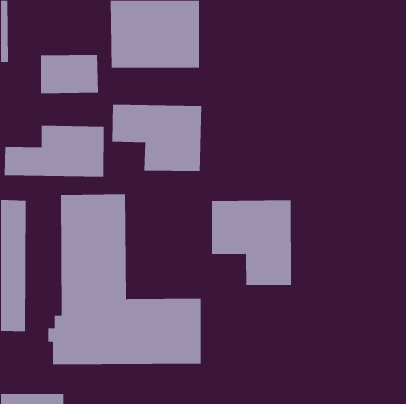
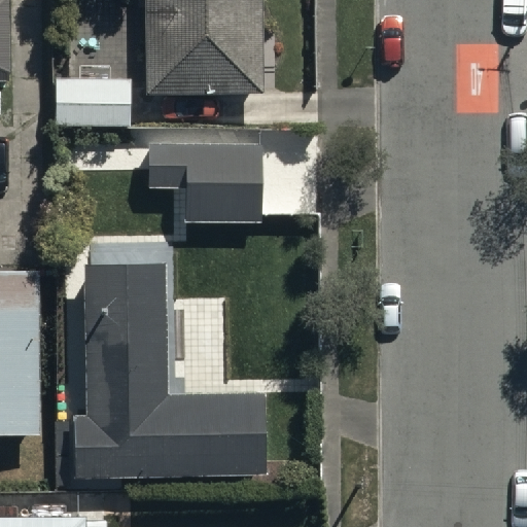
building: [4,125,104,177] -> none
building: [211,200,291,286] -> none

